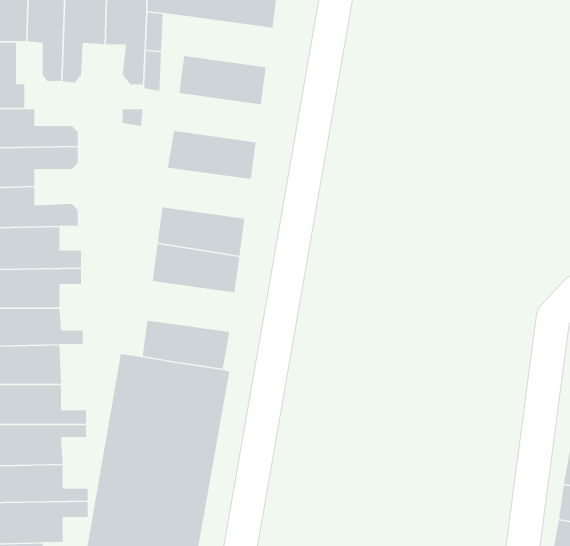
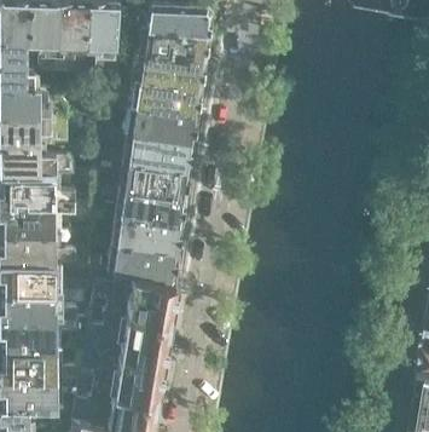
building: none -> [145,28,210,64]
building: none -> [138,83,202,119]
building: none -> [129,138,195,174]
building: none -> [118,220,182,257]

